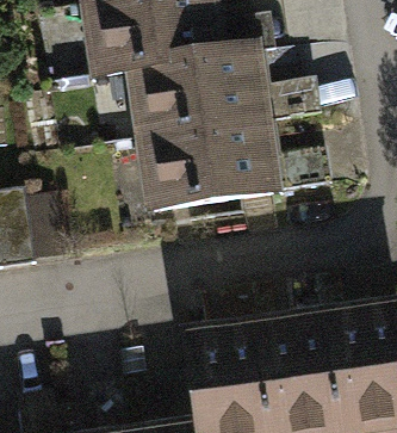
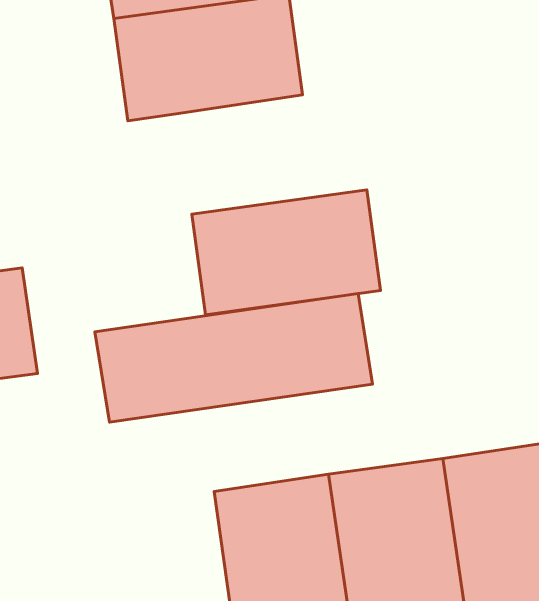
building: [141,68,272,155] -> none
building: none -> [95,294,373,422]

